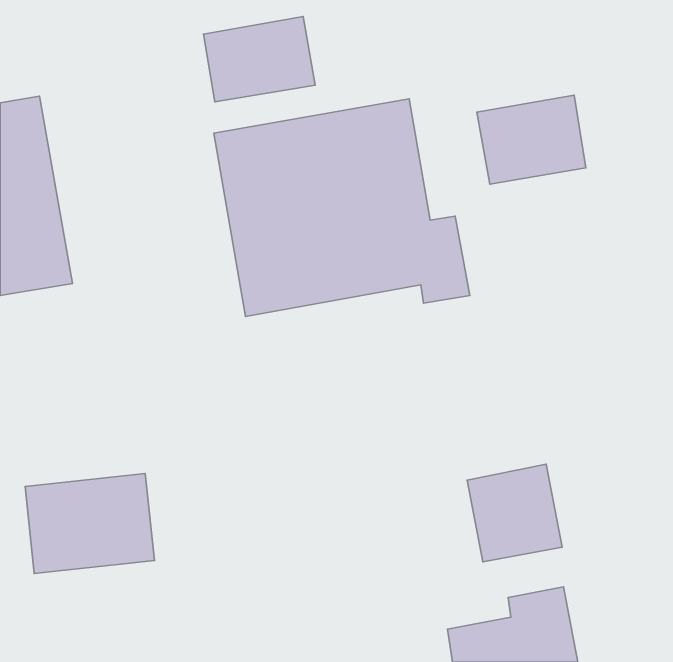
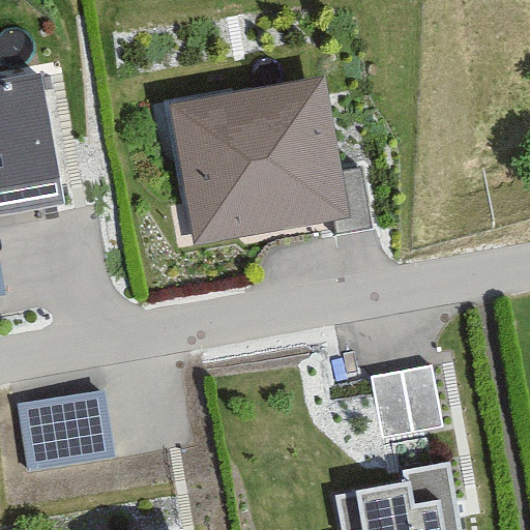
building: [203,16,315,102] -> none
building: [477,95,586,184] -> none

